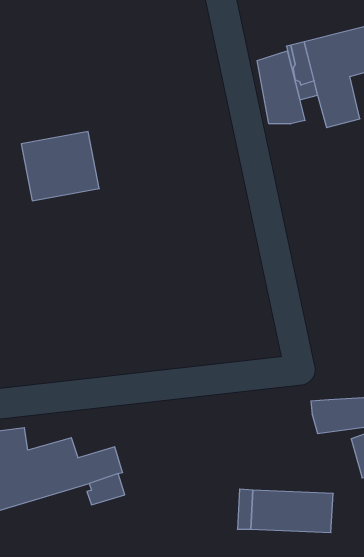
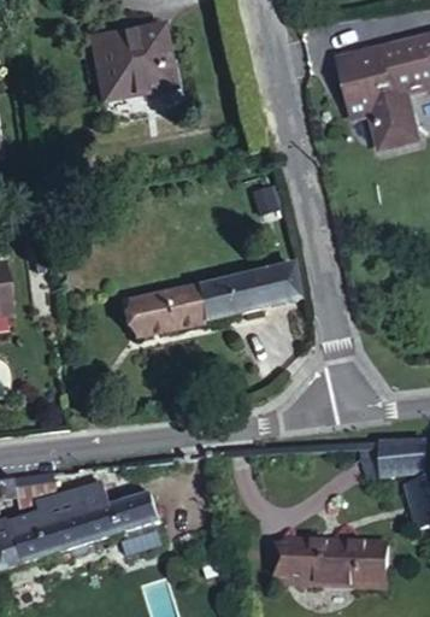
building: [257,51,305,124] -> none
building: [21,132,99,201] -> [89,24,173,99]
building: none -> [128,263,298,335]

